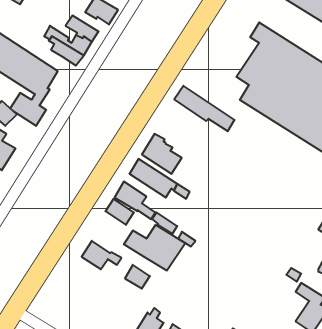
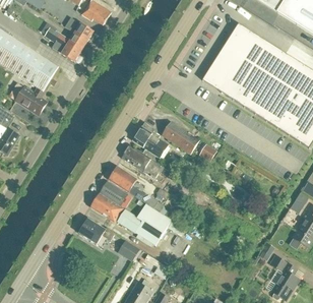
building: [174,86,235,131] -> [162,121,215,162]
building: none -> [89,193,121,222]

